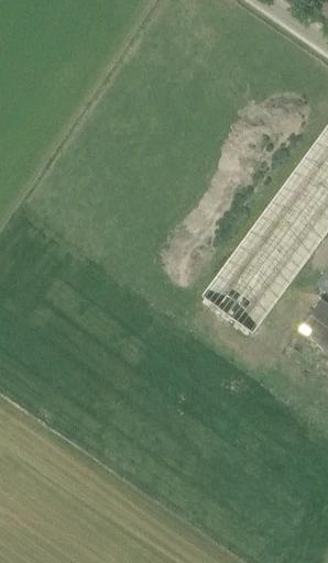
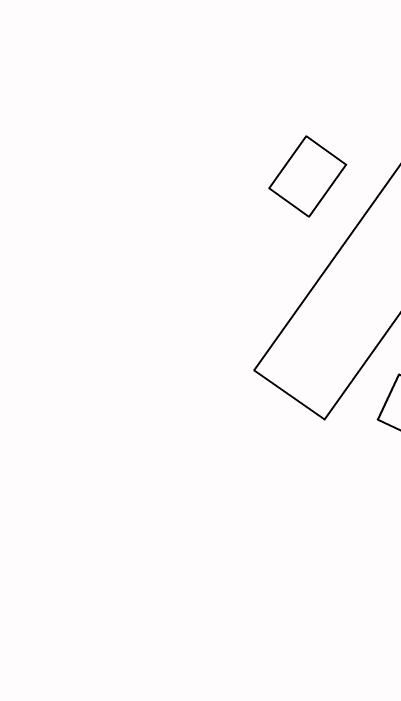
building: none -> [269,136,346,217]

